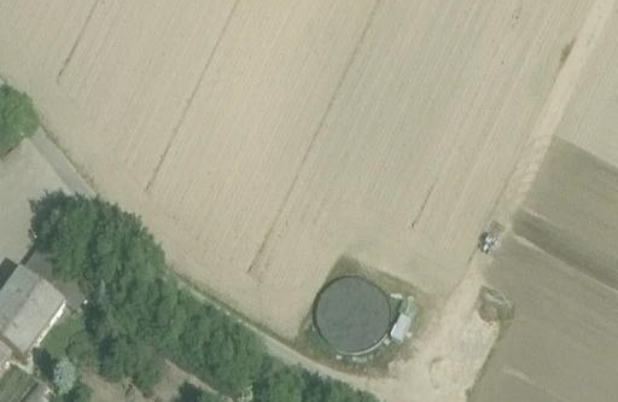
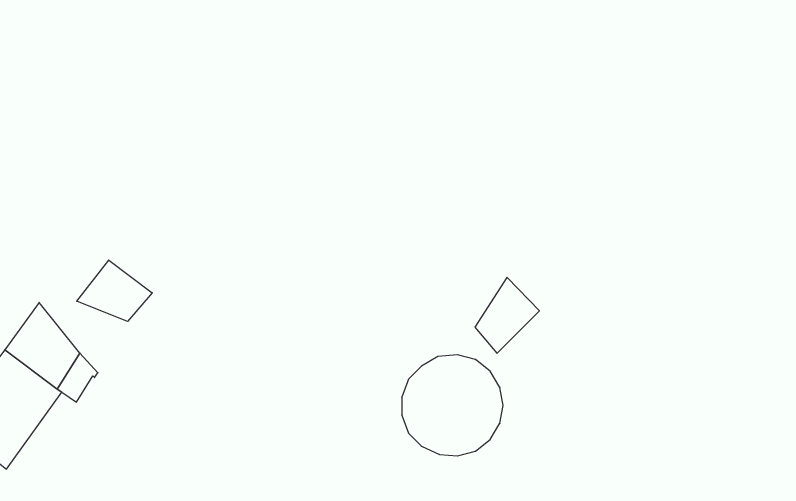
building: none -> [77,260,152,321]
building: none -> [475,277,539,353]

